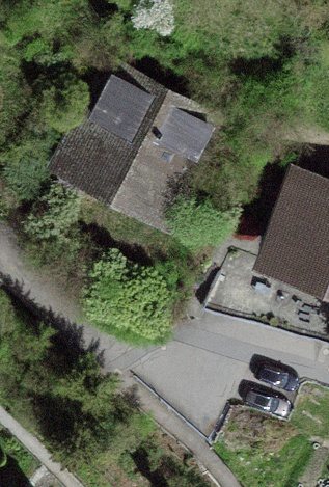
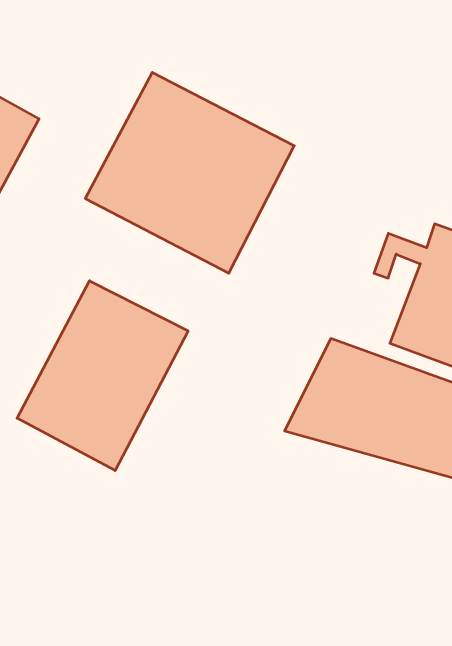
building: none -> [17,281,188,471]

